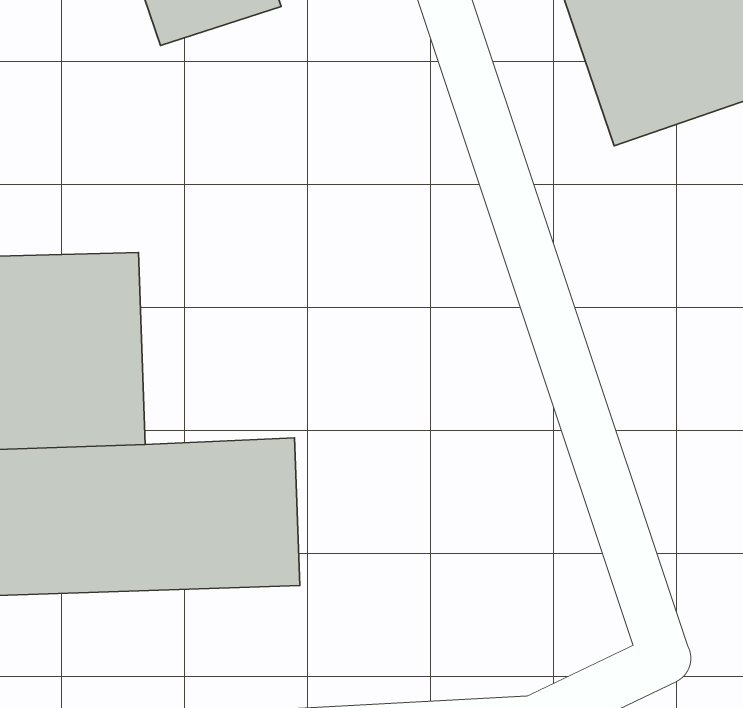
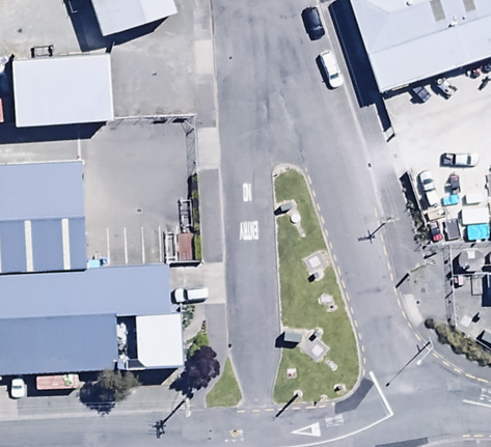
building: none -> [10,59,112,132]

